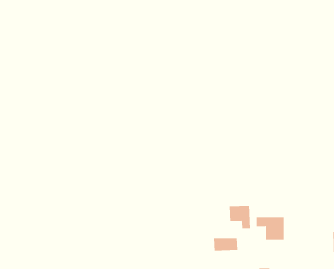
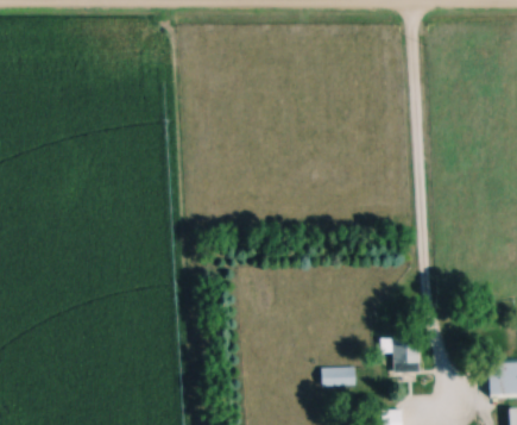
building: [229,205,250,229] -> none

